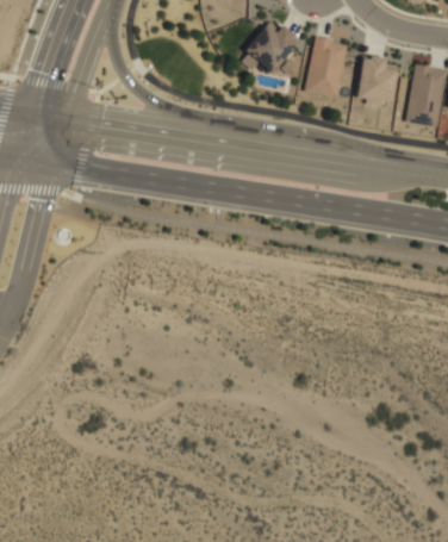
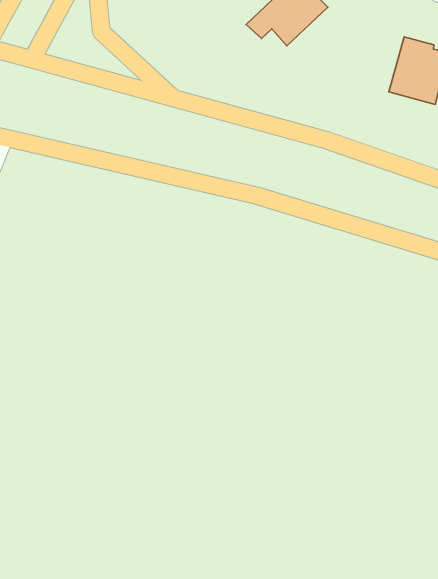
building: [306,37,348,96] -> none

